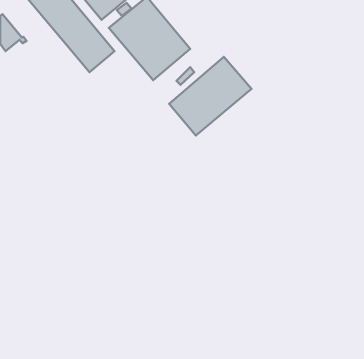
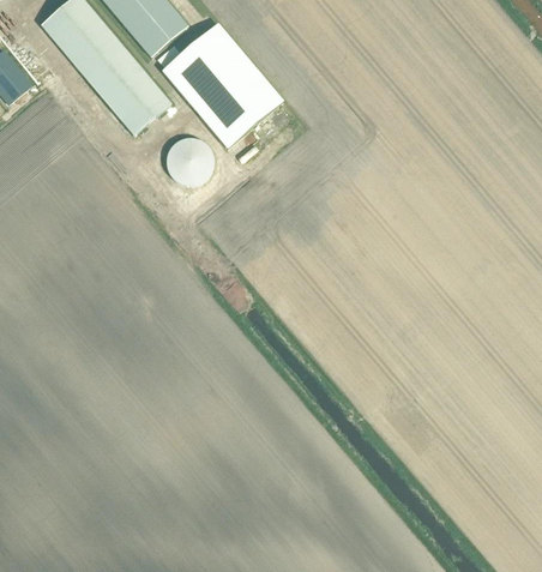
building: [169,57,252,136] -> none
building: none -> [168,137,212,181]

